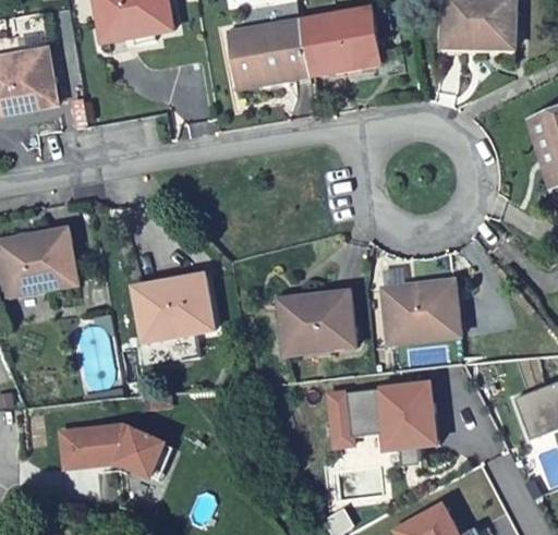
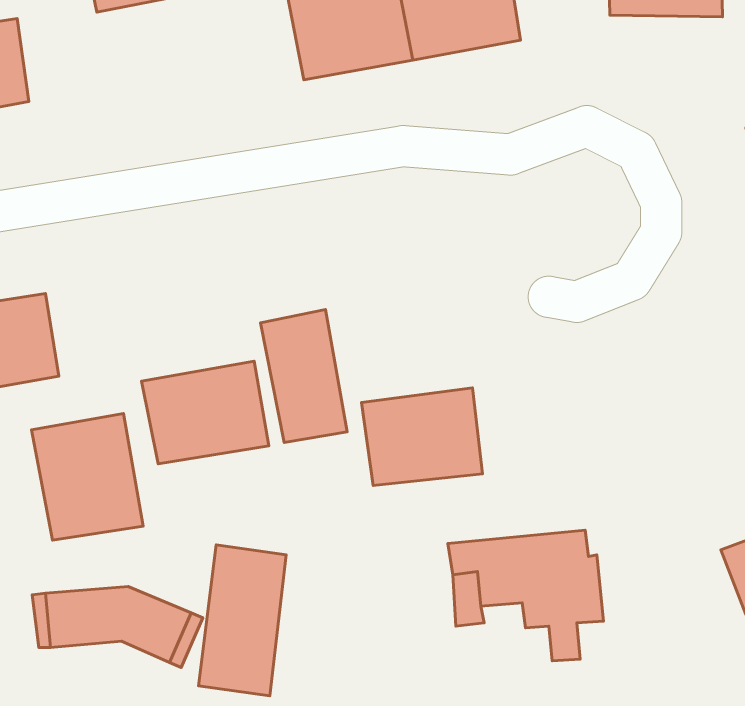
building: none -> [261,309,347,442]
building: [379,279,460,344] -> none
building: none -> [32,414,143,540]
building: none -> [198,545,286,696]

